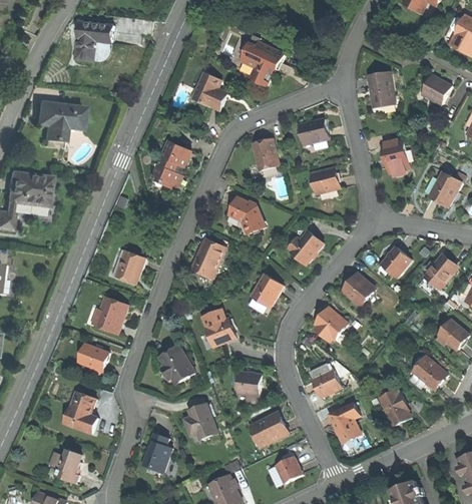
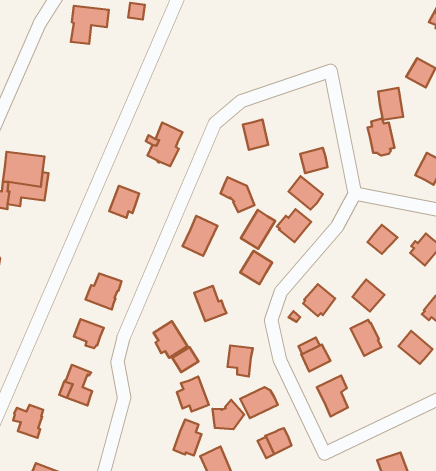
building: [239,41,284,87] -> none
building: [191,72,227,110] -> none
building: [368,72,394,105] -> [378,88,403,120]
building: [33,101,80,148] -> none
building: [298,118,328,144] -> none
building: none -> [288,176,323,210]
building: none -> [241,210,275,249]
building: [113,249,144,283] -> [109,186,139,218]
building: [342,273,375,306] -> [352,279,385,311]
building: none -> [172,347,198,372]
building: [378,389,410,426] -> [351,320,382,356]
building: none -> [212,400,244,429]
building: [141,433,170,470] -> [173,420,202,456]
building: [49,449,80,483] -> [13,405,43,438]

